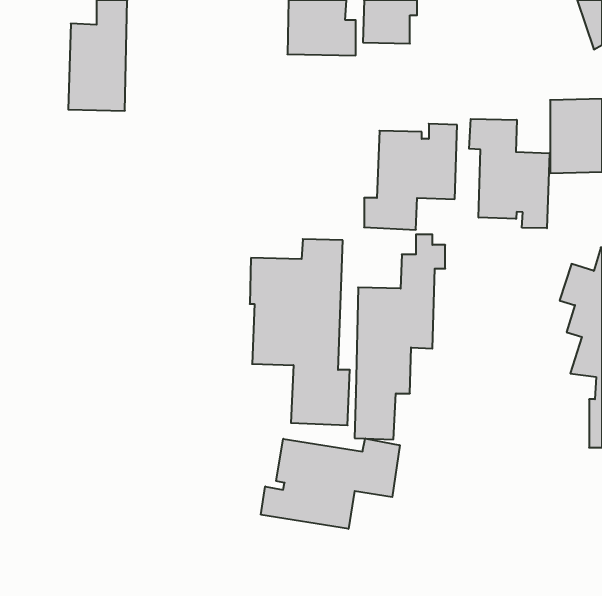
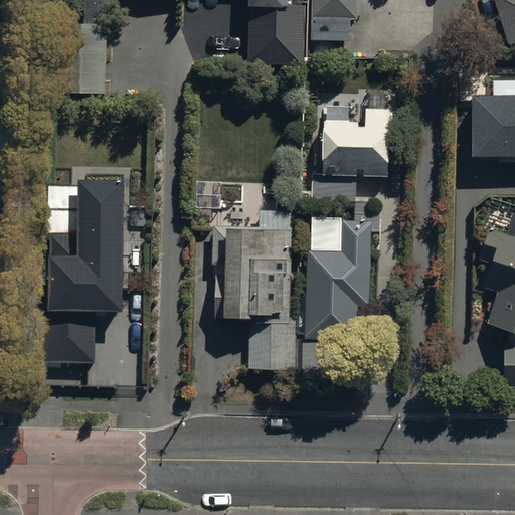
building: [469,119,549,228] -> none
building: none -> [47,178,124,364]
building: [261,438,400,529] -> none

